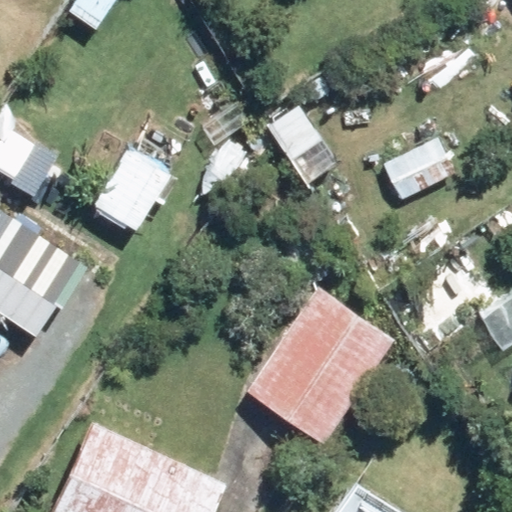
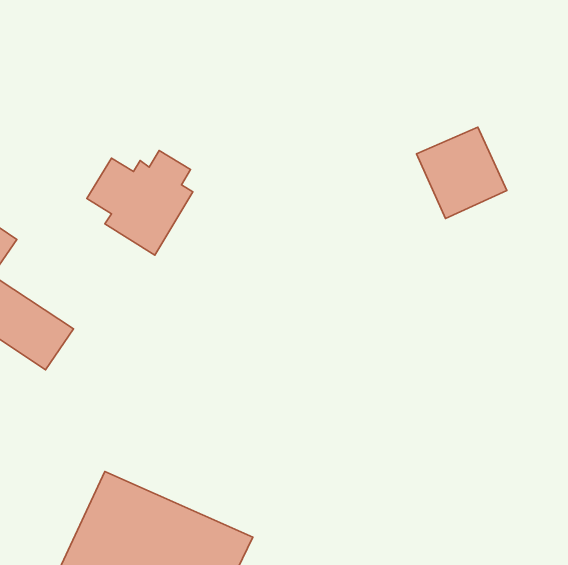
building: [248,290,392,444] -> none

